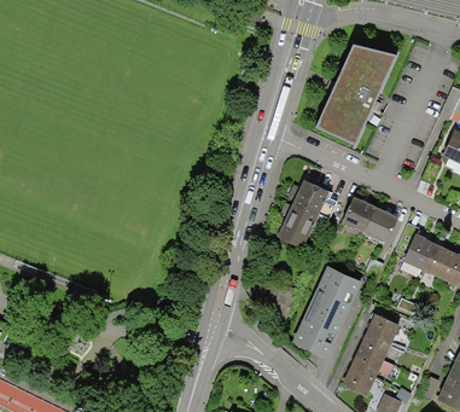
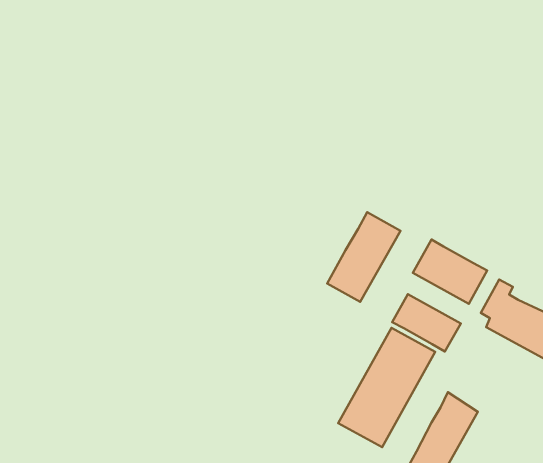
building: [314,45,397,145] -> none
building: none -> [392,294,461,352]

